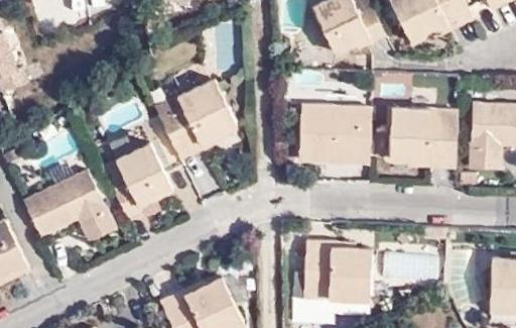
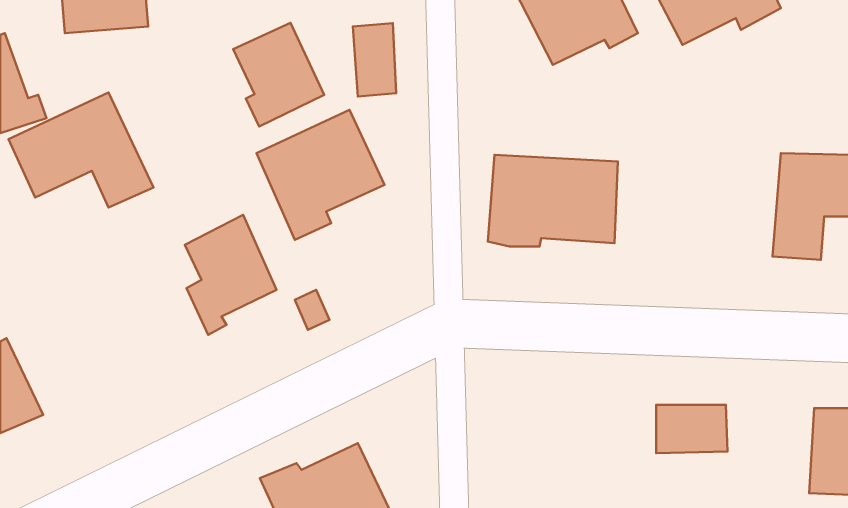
building: none -> [233,23,324,127]
building: [389,108,460,170] -> none
building: [25,170,113,239] -> [8,92,153,207]
building: [301,238,371,301] -> none

